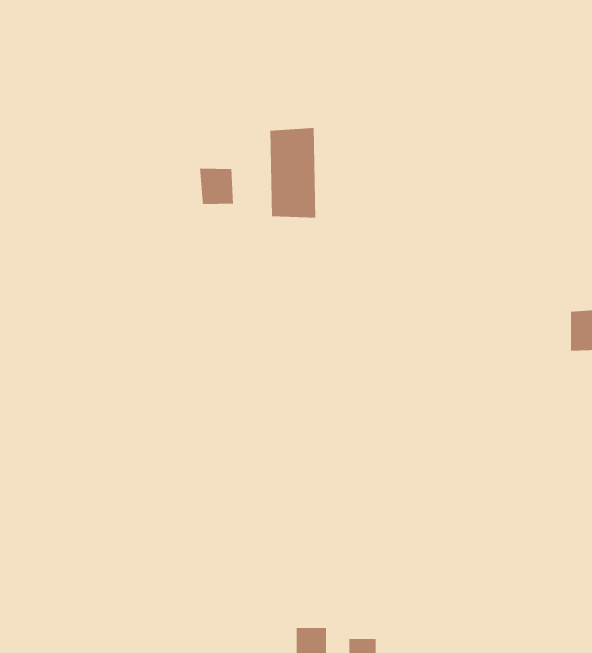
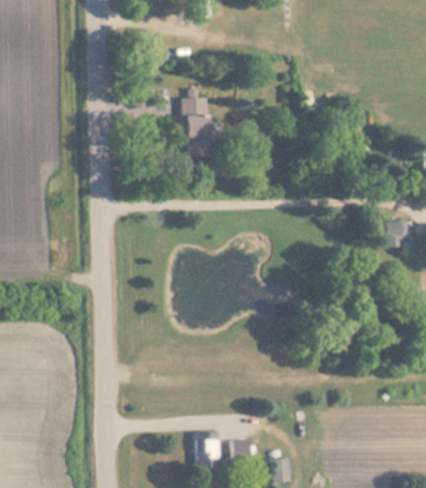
building: [199,168,234,205] -> none

